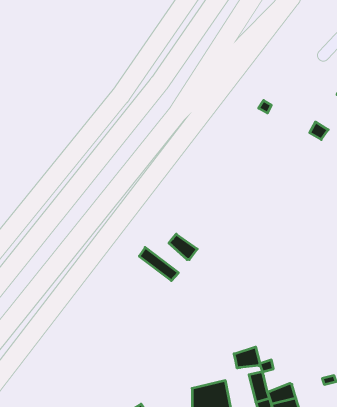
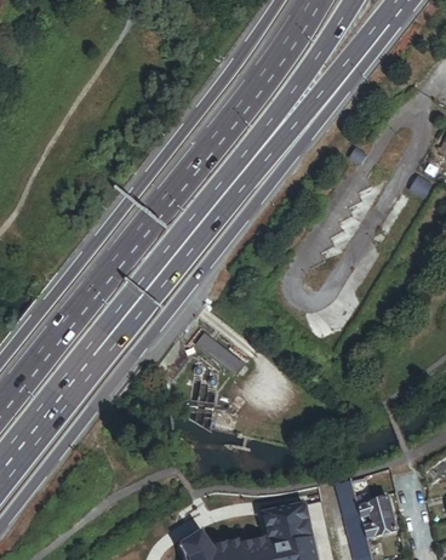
building: [169,234,197,260] -> none
building: [234,347,260,368] -> none

